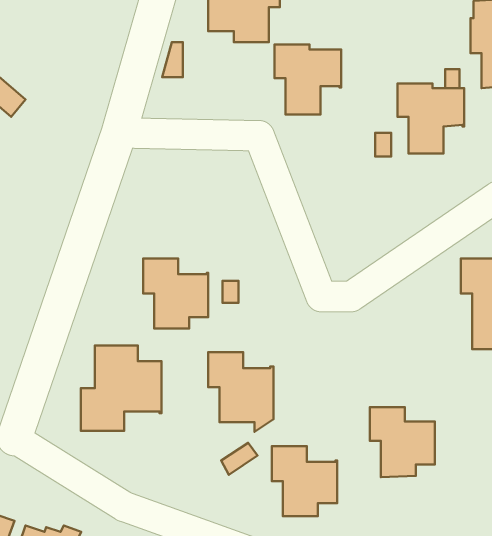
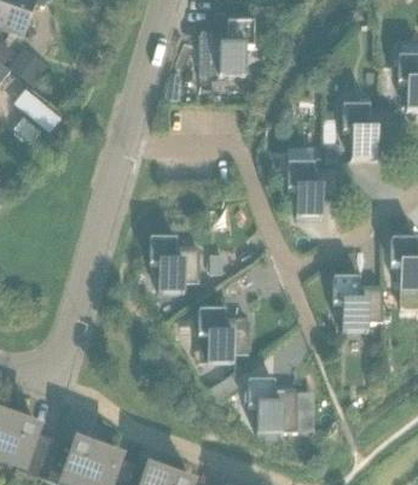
building: [274,45,341,115] -> [286,162,337,215]
building: [81,346,161,431] -> none
building: [370,407,435,477] -> [332,276,382,329]

